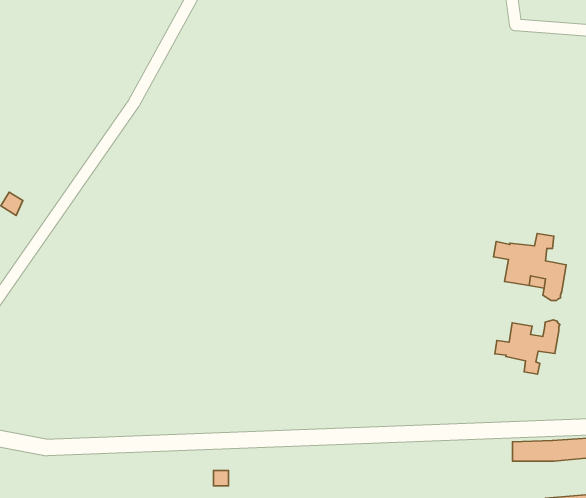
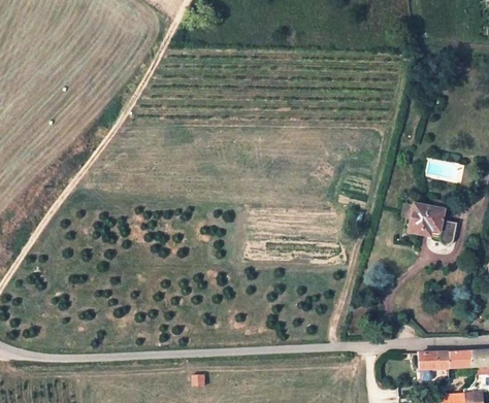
building: [495,320,560,374] -> none

